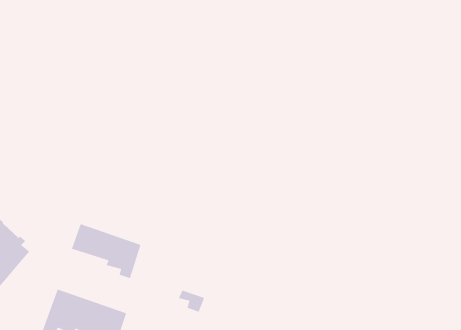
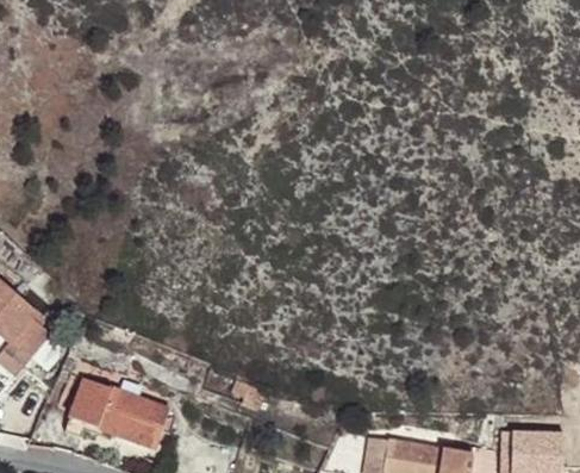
building: [71,223,142,279] -> none

